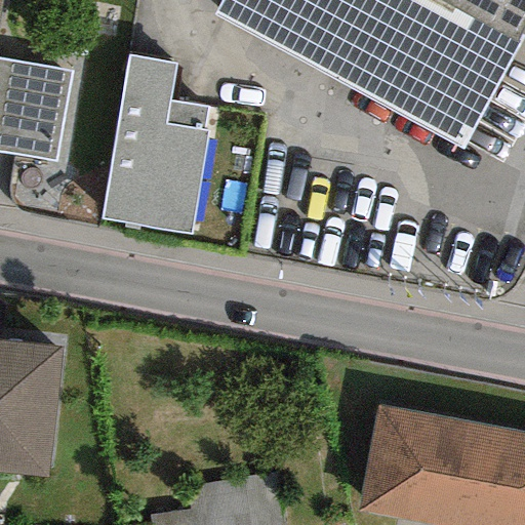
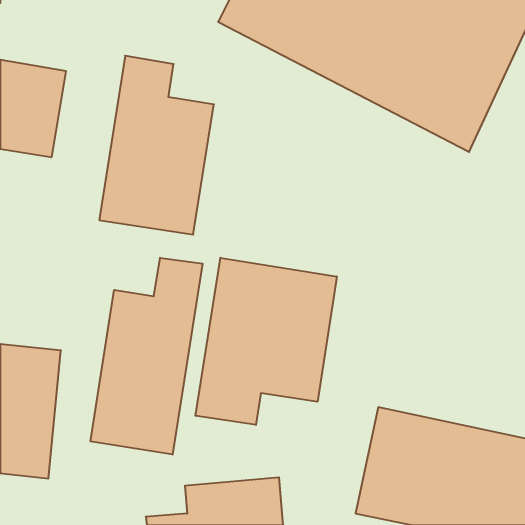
building: none -> [91,258,203,455]
building: none -> [196,258,337,425]

